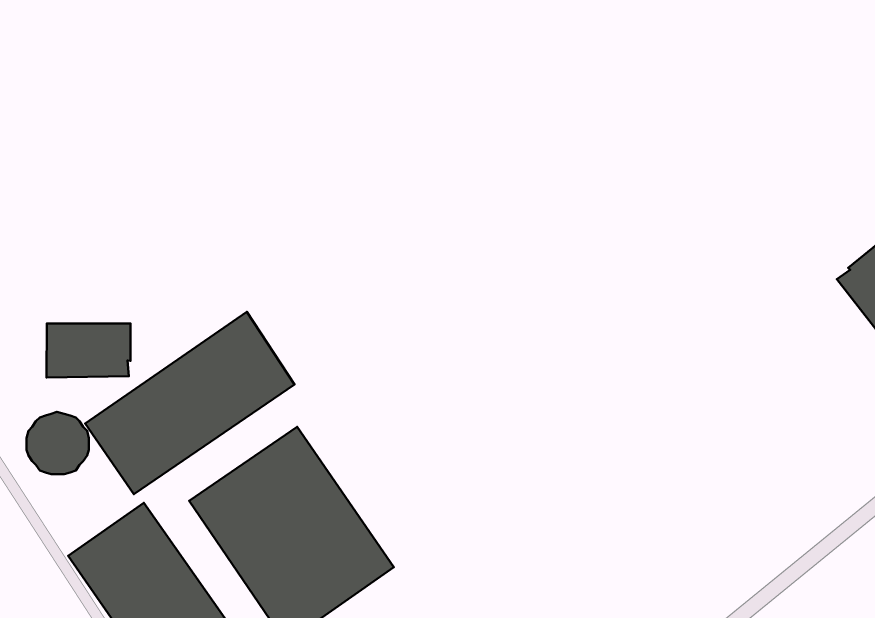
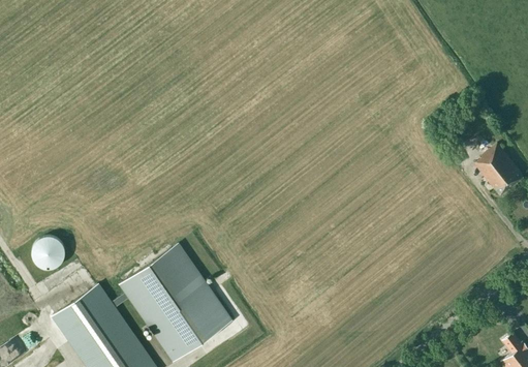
building: [85,312,295,494] -> none
building: [46,323,130,378] -> none

